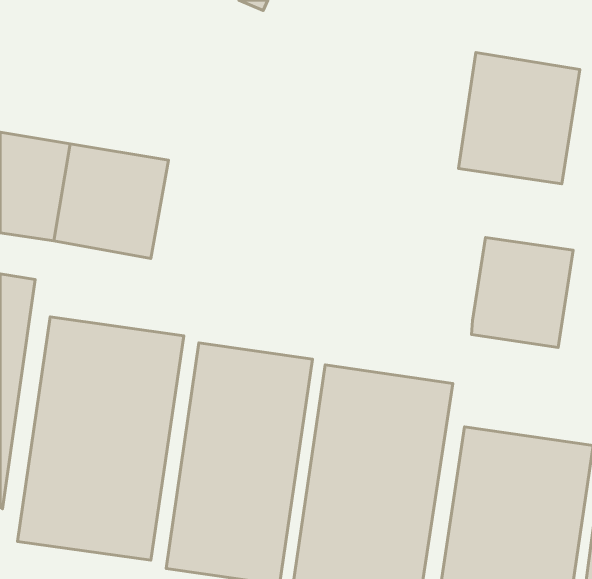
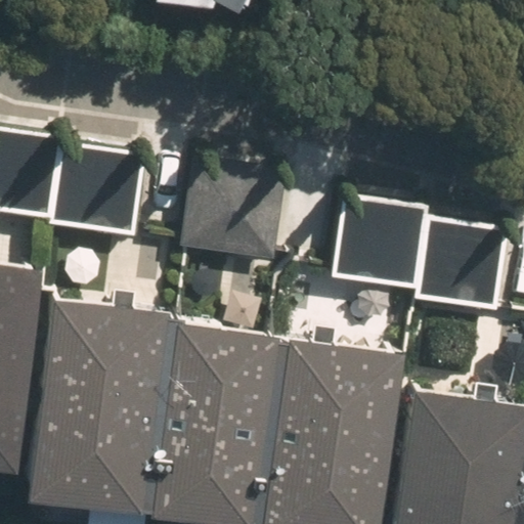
building: [458,53,580,184] -> none
building: none -> [181,156,293,268]
building: none -> [332,195,432,297]

